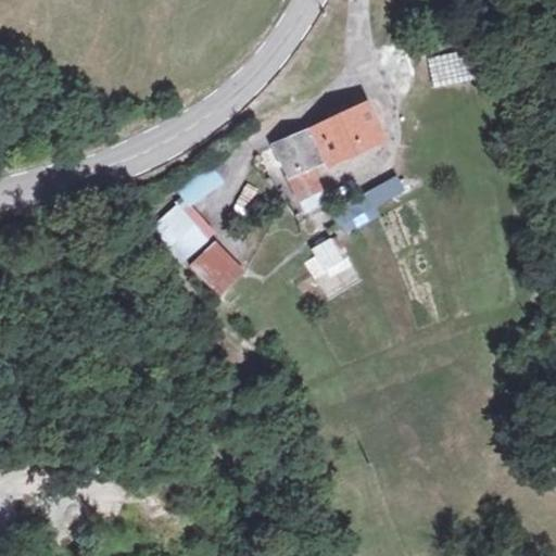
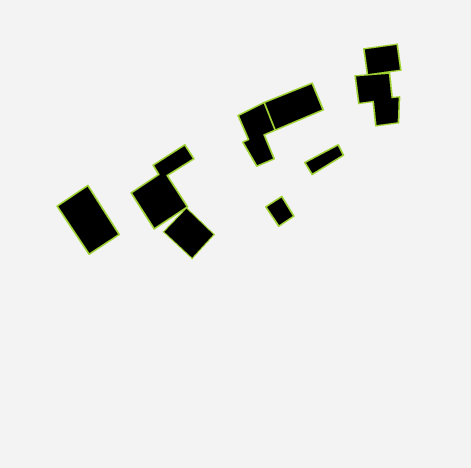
building: none -> [355,73,400,126]
building: none -> [57,186,119,254]

